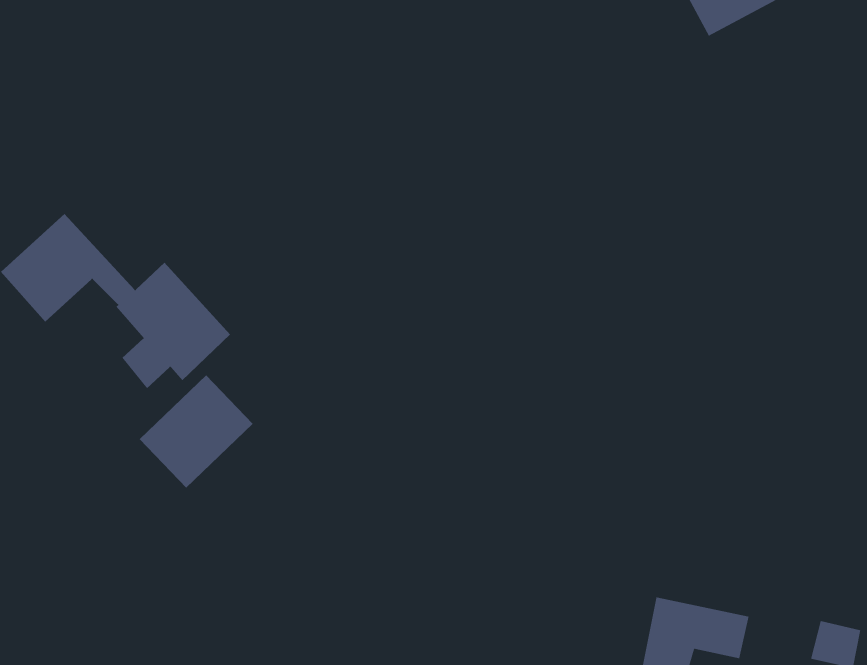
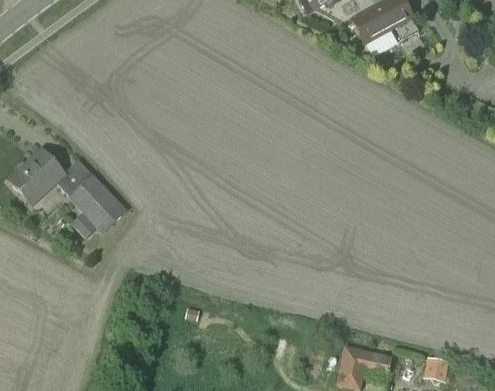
building: [139,375,253,488] -> none

